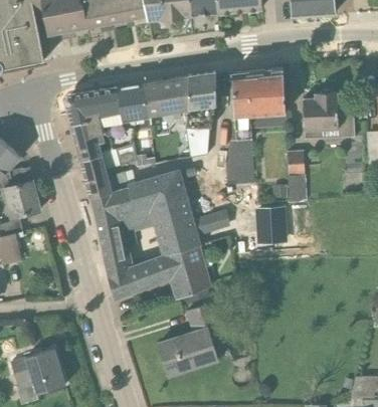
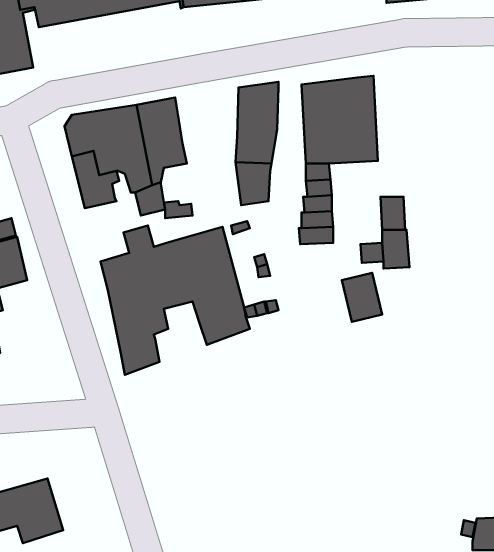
building: [144,75,188,115] -> none
building: [303,91,355,140] -> none
building: [80,155,112,197] -> none
building: [108,244,207,298] -> none
building: [159,302,219,375] -> none

